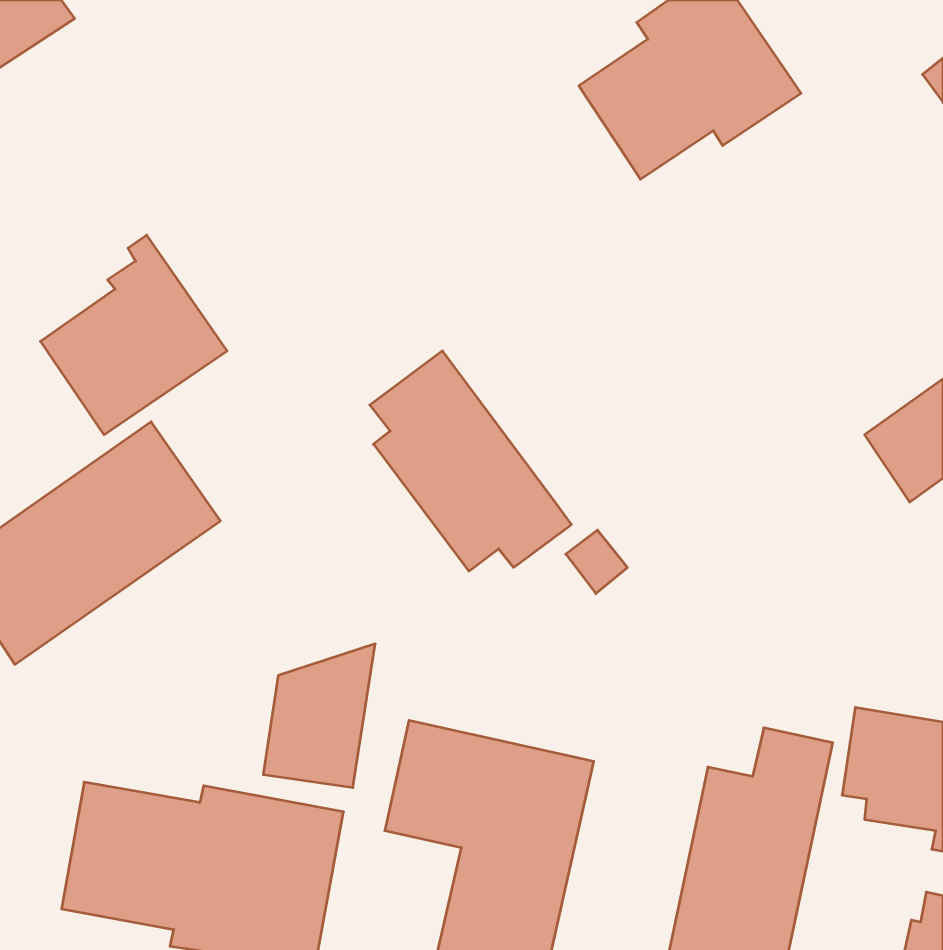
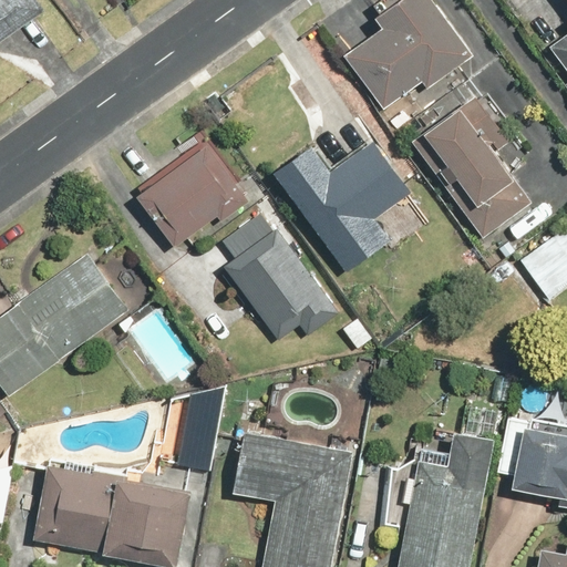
building: none -> [427,94,535,240]
building: none -> [274,138,415,271]
building: [40,235,227,435] -> [138,130,249,248]

